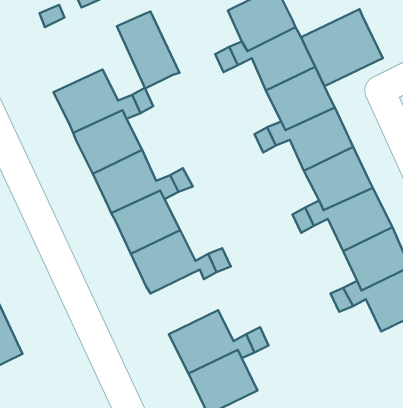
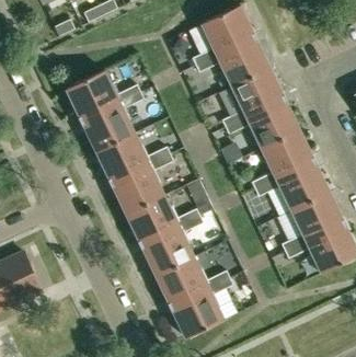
building: [301,9,383,86] -> none
building: [117,11,179,89] -> none
building: none -> [141,226,194,276]

